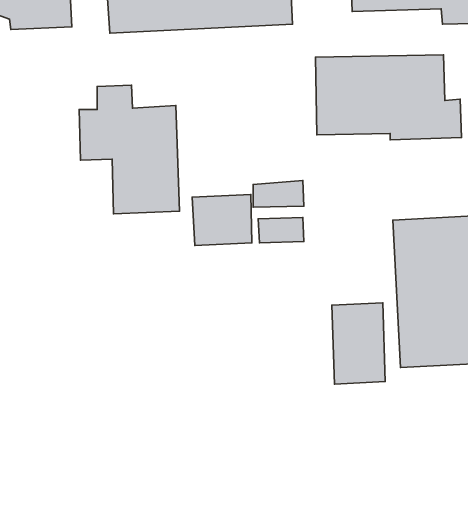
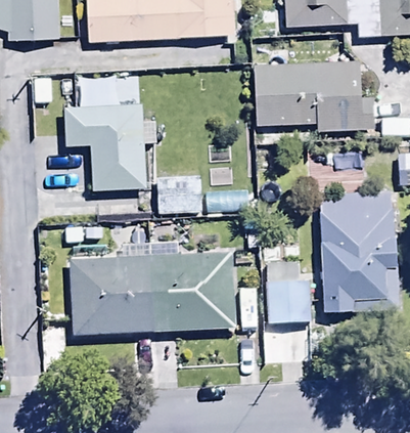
building: none -> [70,251,235,335]

